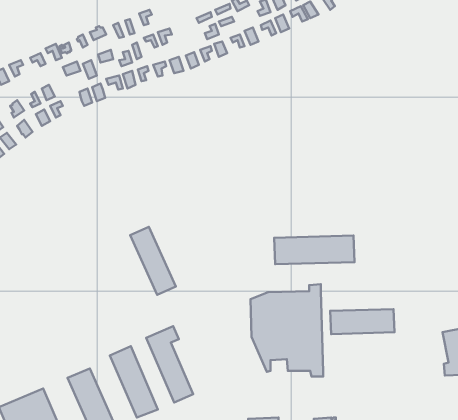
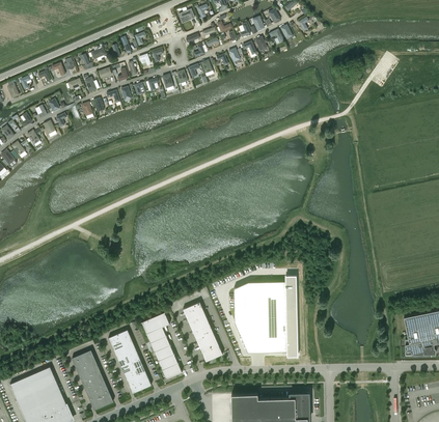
building: [130,227,176,295] -> [183,303,223,363]
building: [274,236,355,264] -> none
building: [330,309,394,334] -> none

